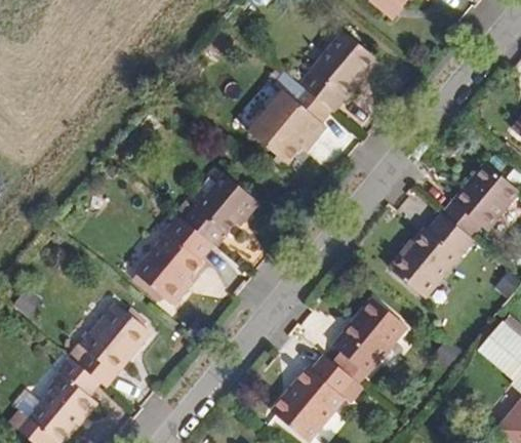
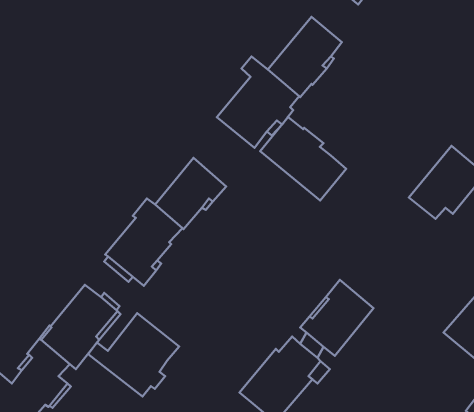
building: none -> [260,117,346,201]
building: [390,213,473,297] -> none
building: none -> [88,313,179,396]

